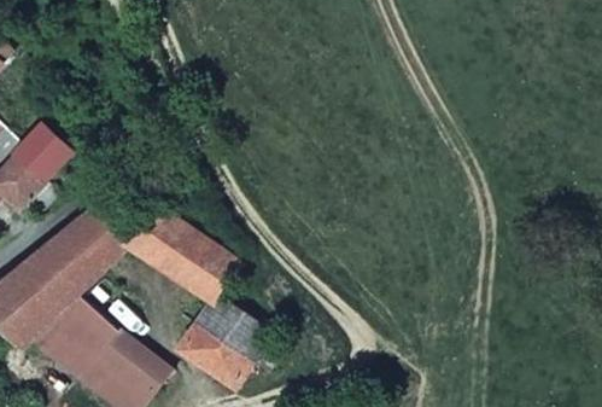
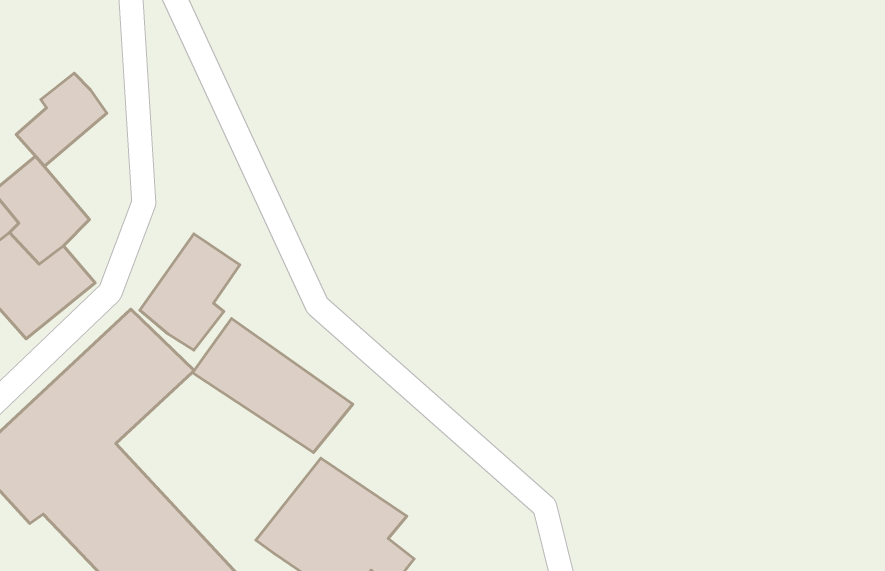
building: none -> [16,73,107,166]
building: none -> [140,234,240,350]

